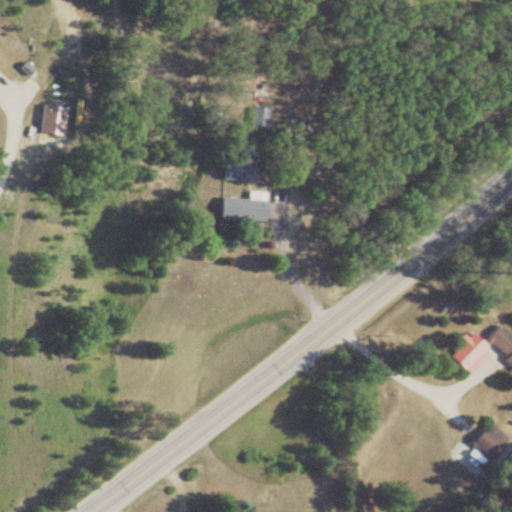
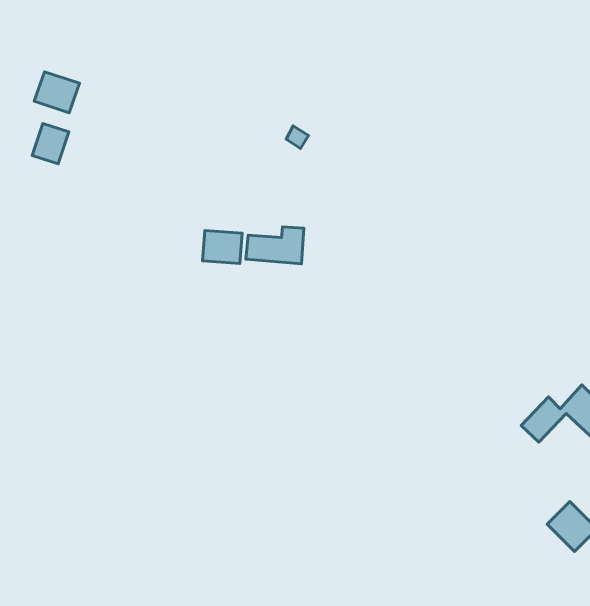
building: none -> [34,72,79,113]
building: none -> [203,231,242,263]

